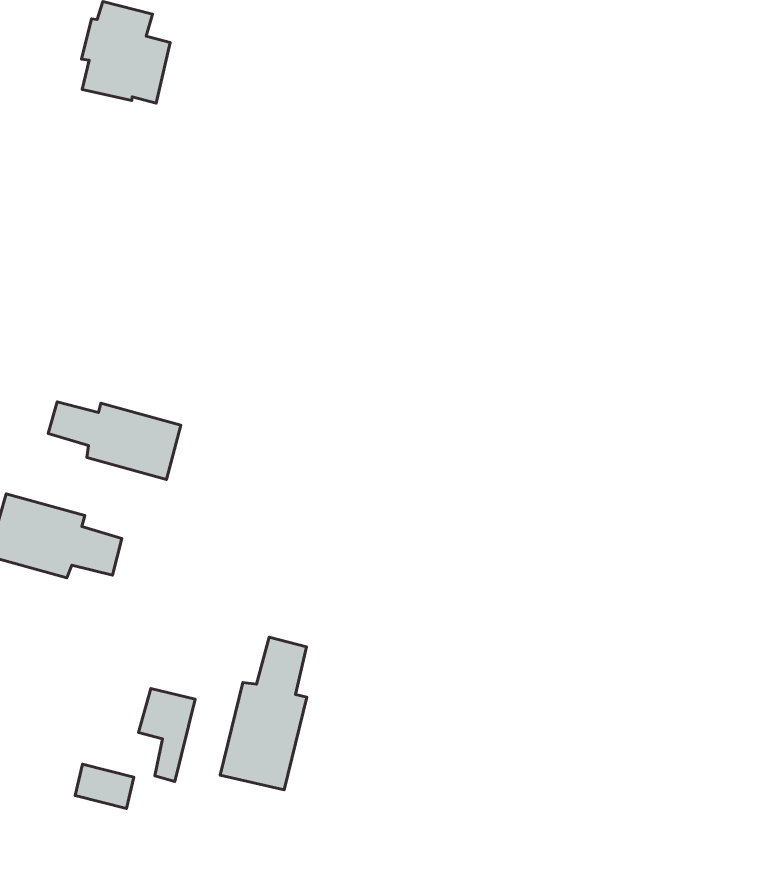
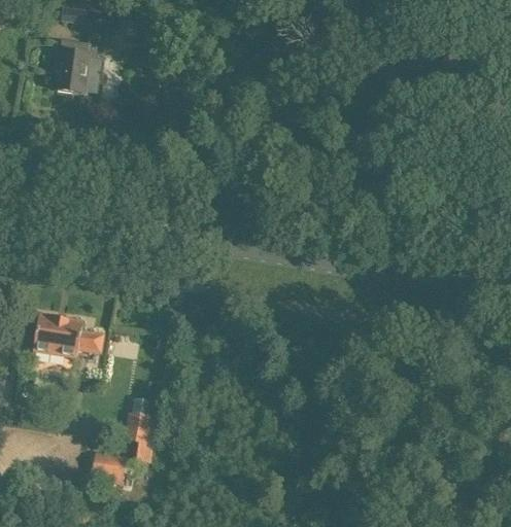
building: [48,402,181,479] -> none
building: [220,637,307,790] -> none

